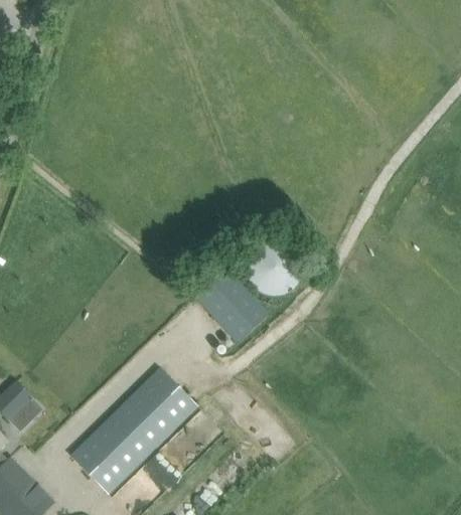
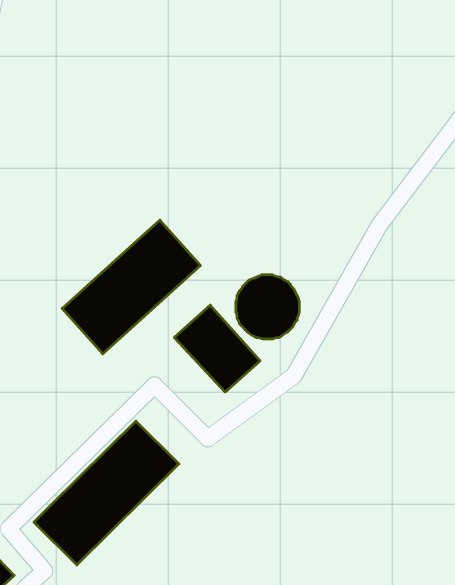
building: none -> [62,220,200,354]

